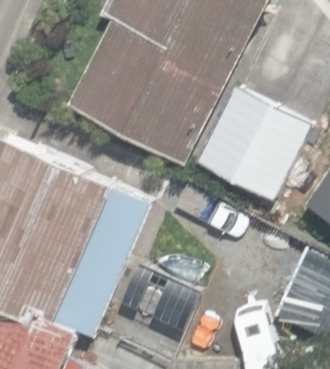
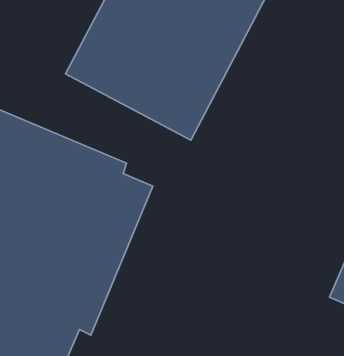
building: [194,87,309,202] -> none

